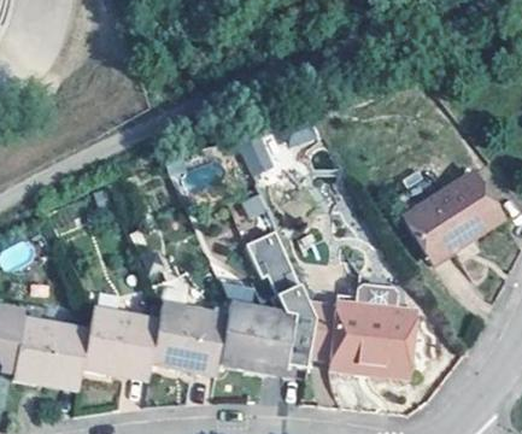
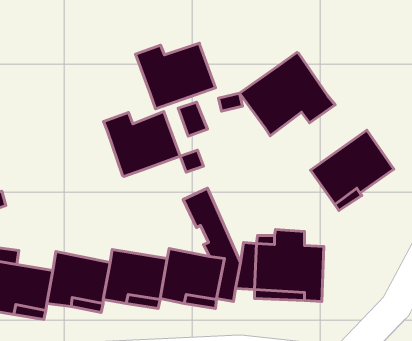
building: none -> [135,43,215,109]
building: none -> [239,53,335,136]
building: none -> [103,111,180,176]

